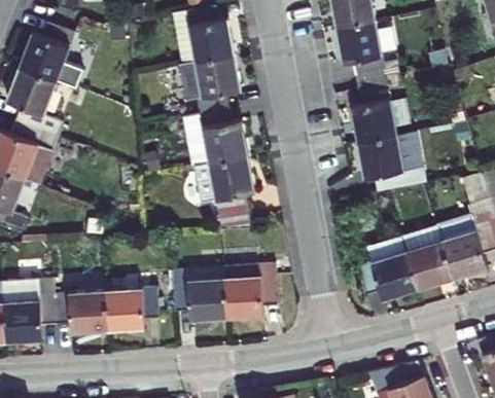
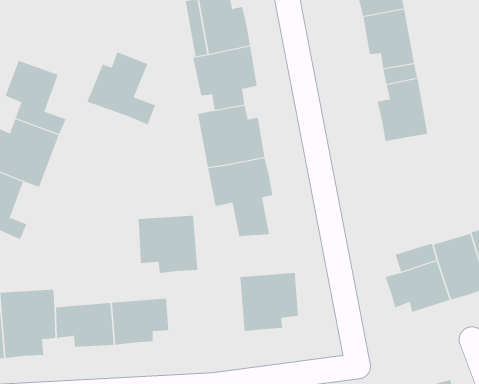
building: [20,22,83,89] -> [87,51,156,125]
building: [357,132,426,191] -> none
building: [172,267,227,321] -> [138,215,198,273]

